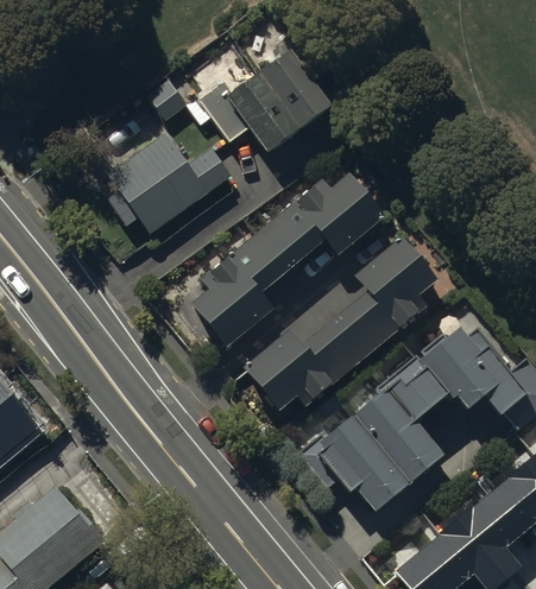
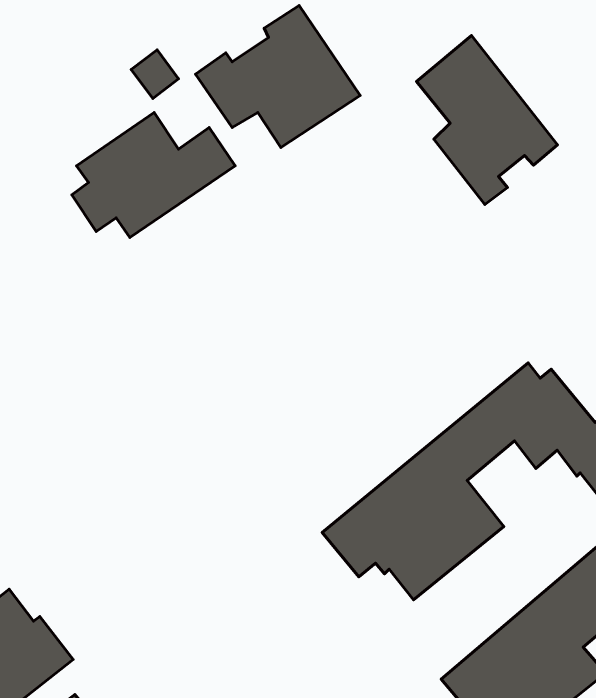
building: none -> [416,35,558,205]
building: [191,167,387,343] -> none
building: [242,230,440,407] -> none

